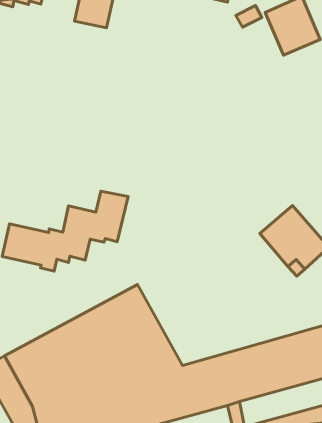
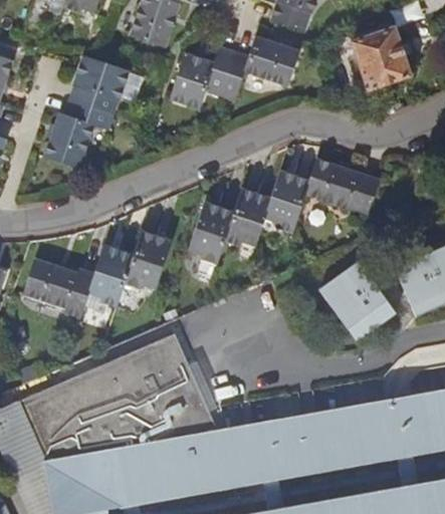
building: none -> [171,32,299,105]
building: none -> [45,51,144,165]
building: none -> [190,155,381,260]

